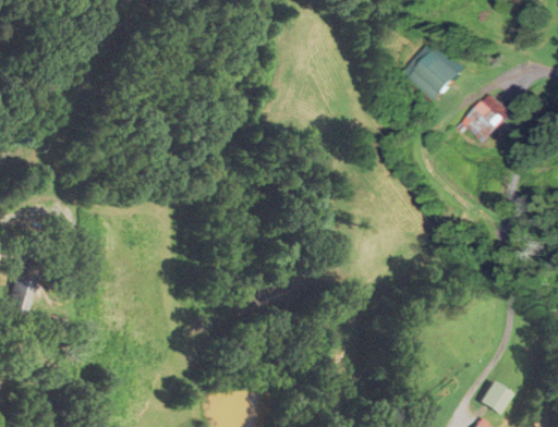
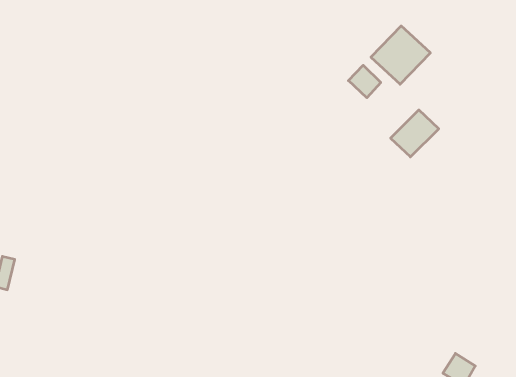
building: none -> [348,65,381,98]
building: [460,94,510,143] -> [391,110,439,157]

